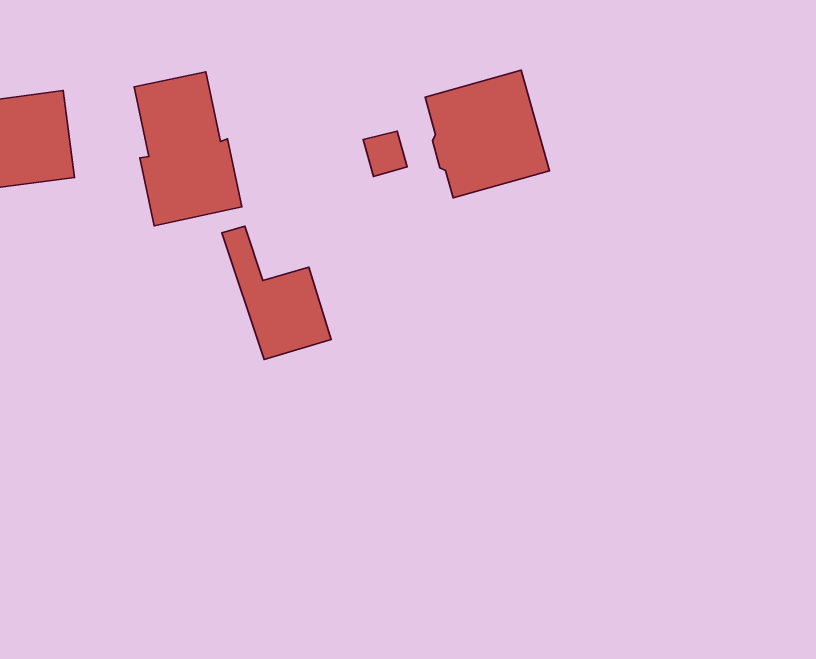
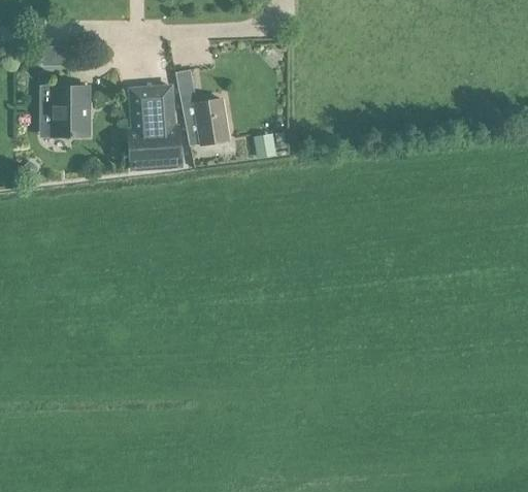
building: [425,70,549,198] -> none
building: [222,226,331,359] -> [176,70,230,146]

